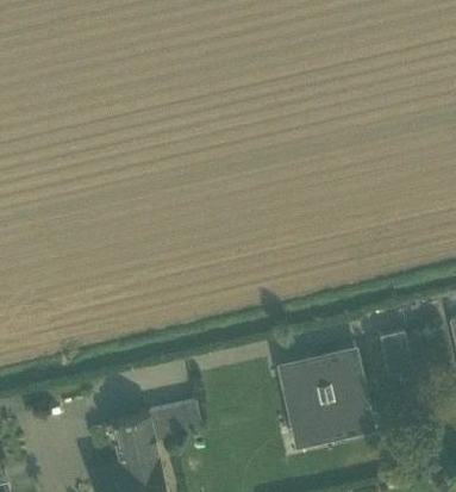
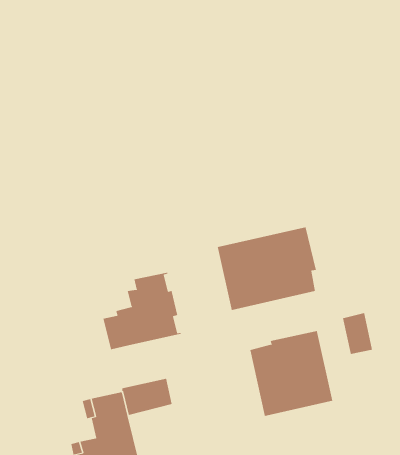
building: none -> [217,226,316,311]
building: none -> [103,272,182,350]

